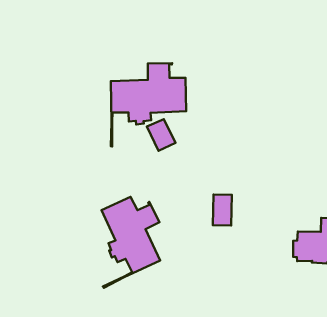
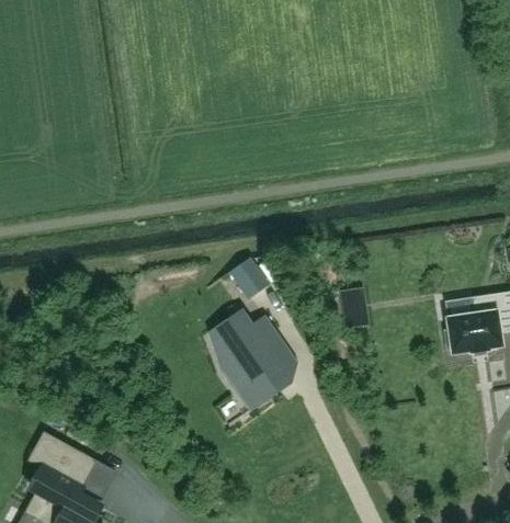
building: [111,63,186,146] -> none
building: [147,119,176,151] -> [230,259,268,297]

